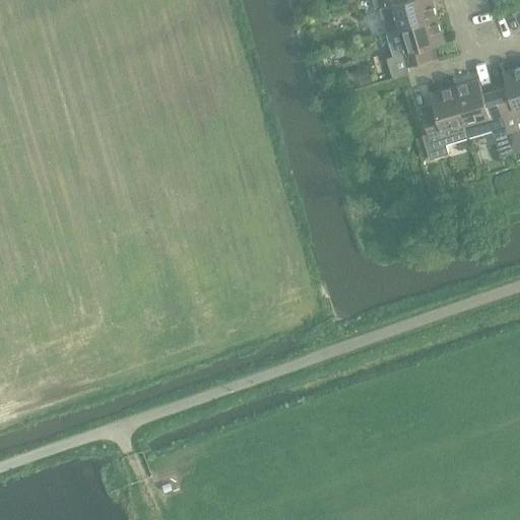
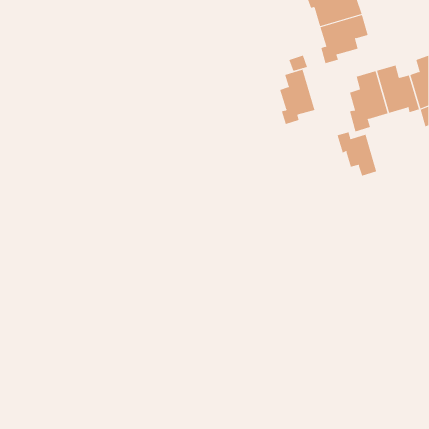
building: none -> [280,69,315,125]
building: none -> [337,132,377,176]

